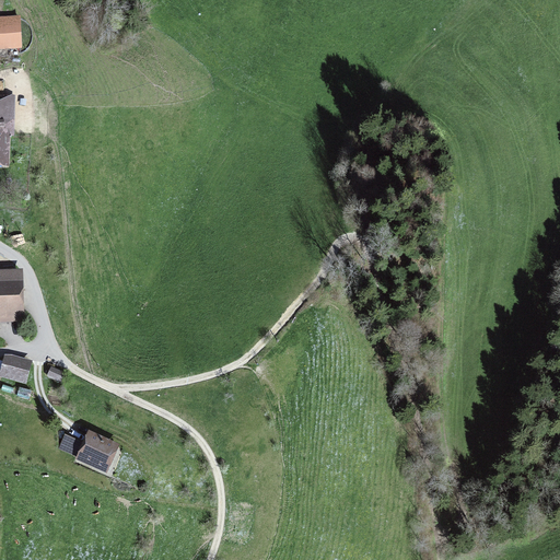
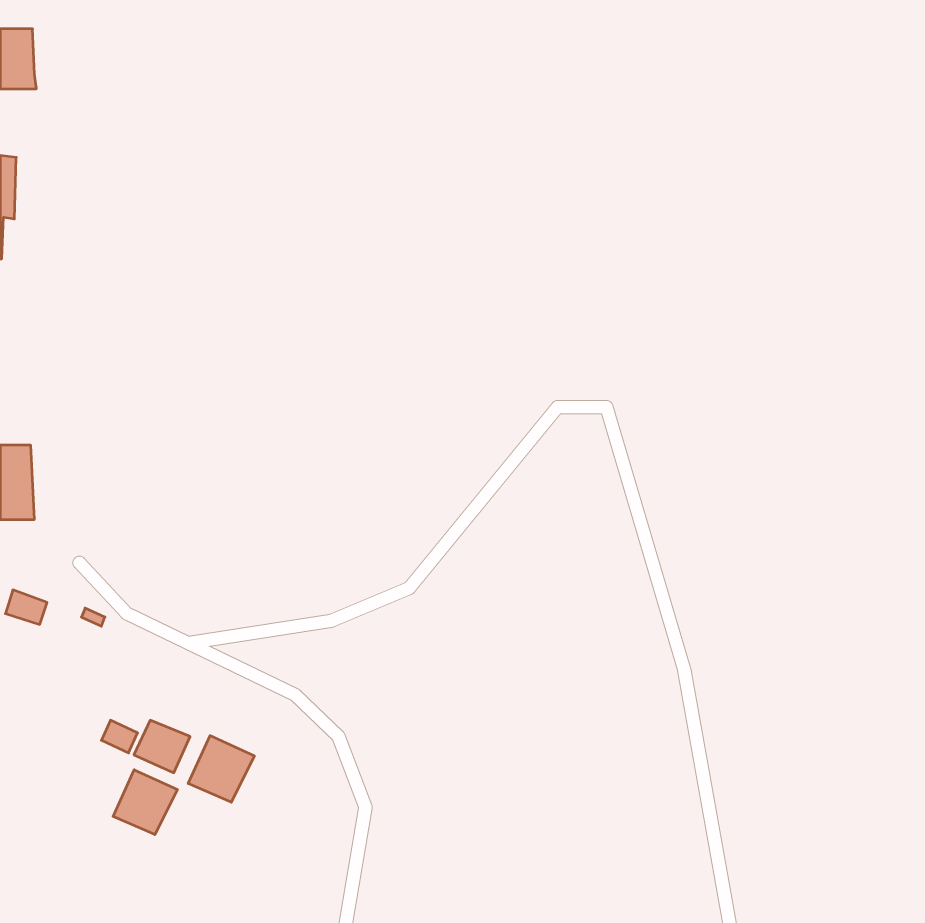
building: none -> [188,736,254,802]
building: none -> [113,770,177,835]

